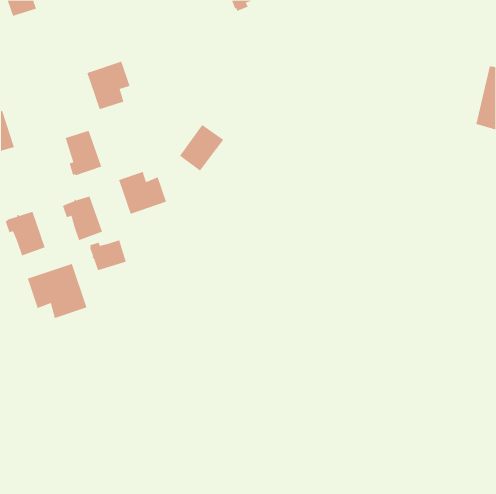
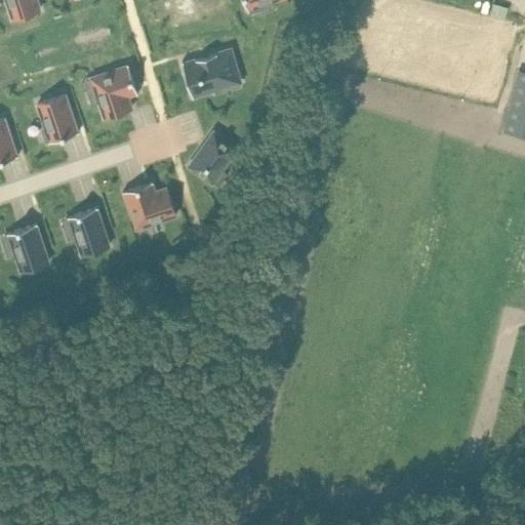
building: none -> [183,50,237,99]
building: [65,130,104,176] -> [38,95,79,144]
building: [89,239,127,273] -> none
building: [27,263,87,319] -> none

